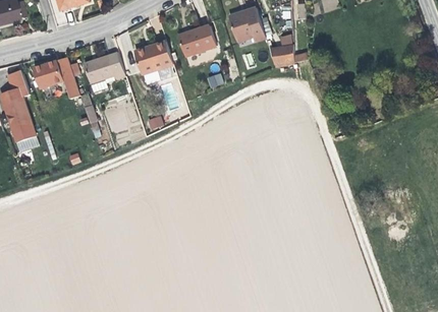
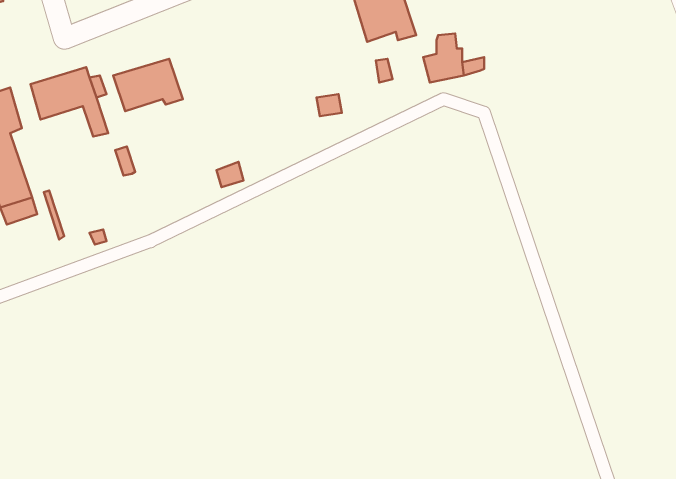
building: [178,25,216,56] -> none
building: [134,41,173,73] -> none

